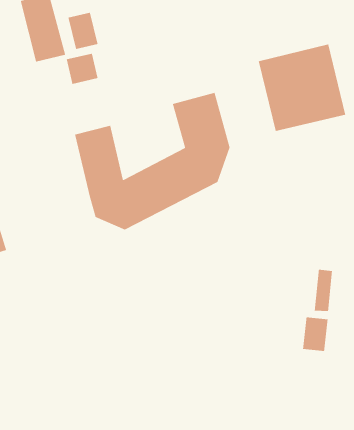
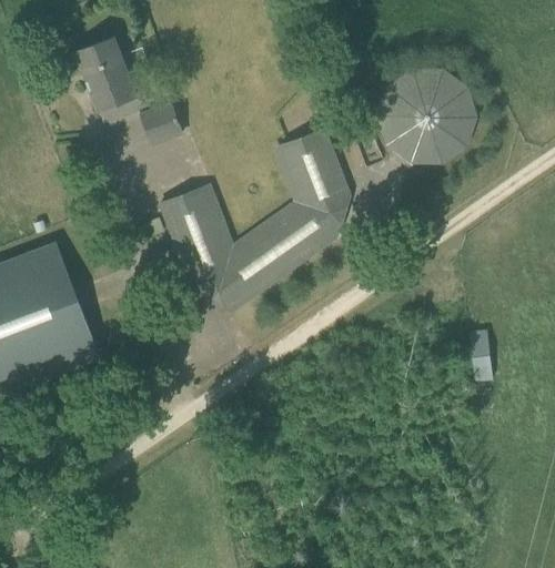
building: [67,12,99,50] -> none
building: [302,317,328,352] -> none

